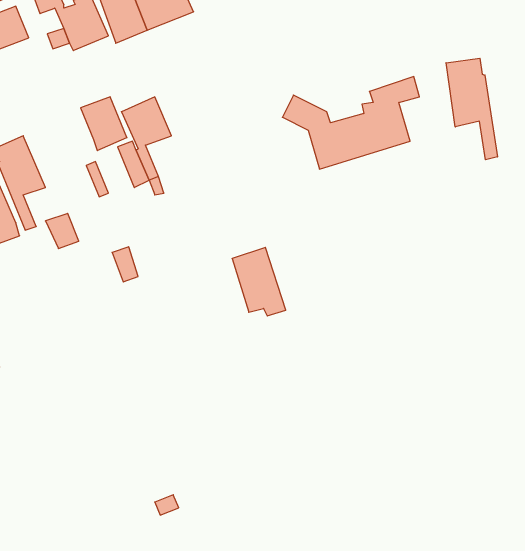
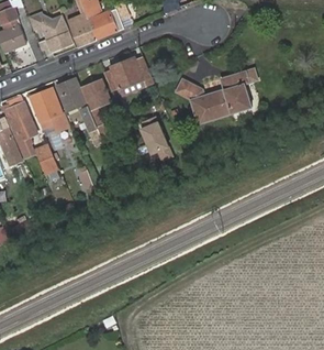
building: [446,58,497,160] -> none
building: none -> [104,57,154,91]
building: none -> [29,87,62,120]
building: [232,247,286,316] -> [136,114,168,155]

